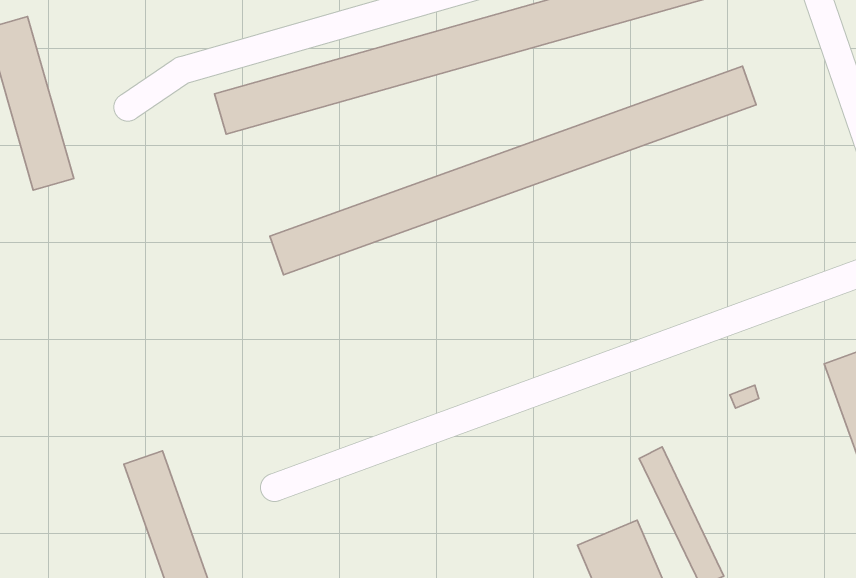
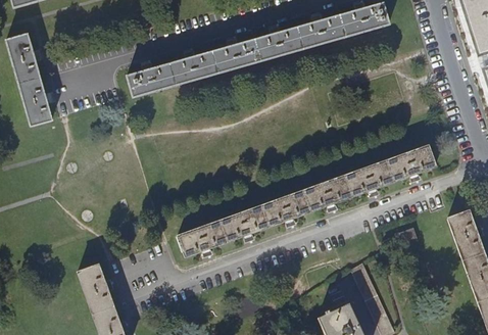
building: [270,66,756,275] -> [178,146,435,256]

